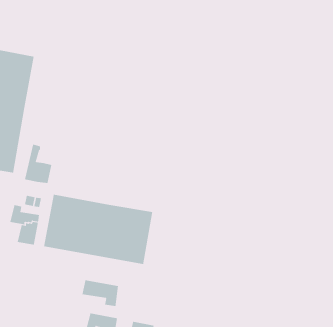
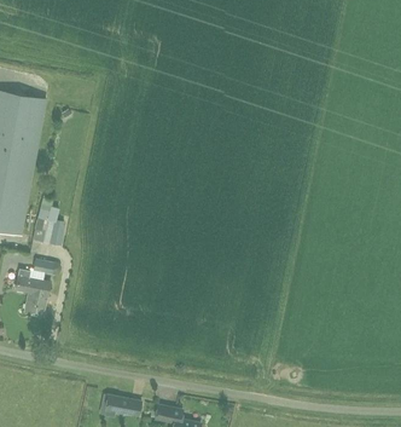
building: [44,194,153,265] -> none
building: [82,279,119,307] -> none

